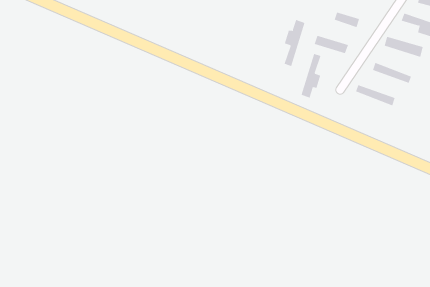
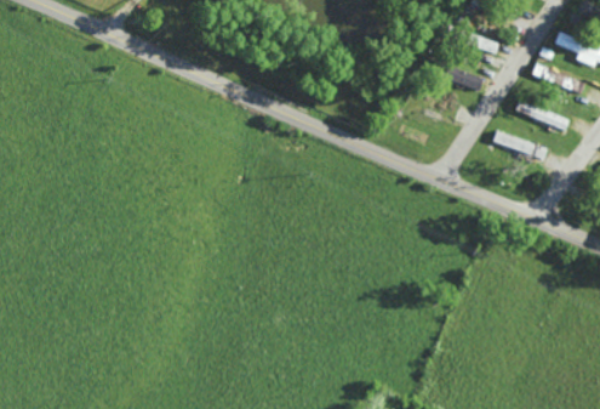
building: [284,19,305,67] -> none
building: [301,53,321,99] -> none

